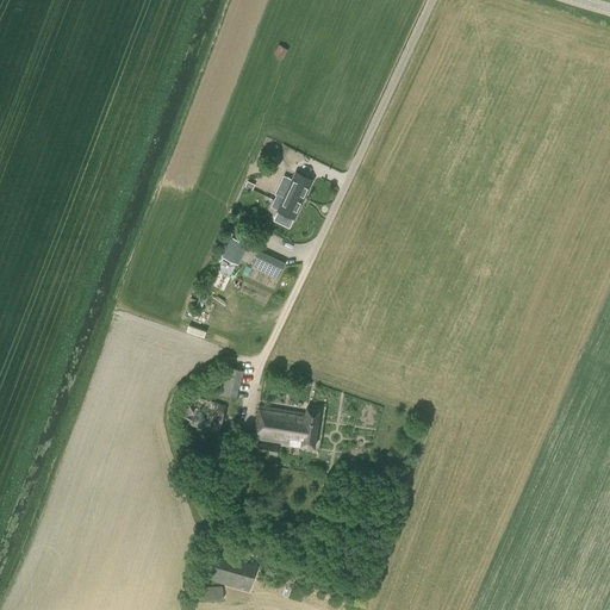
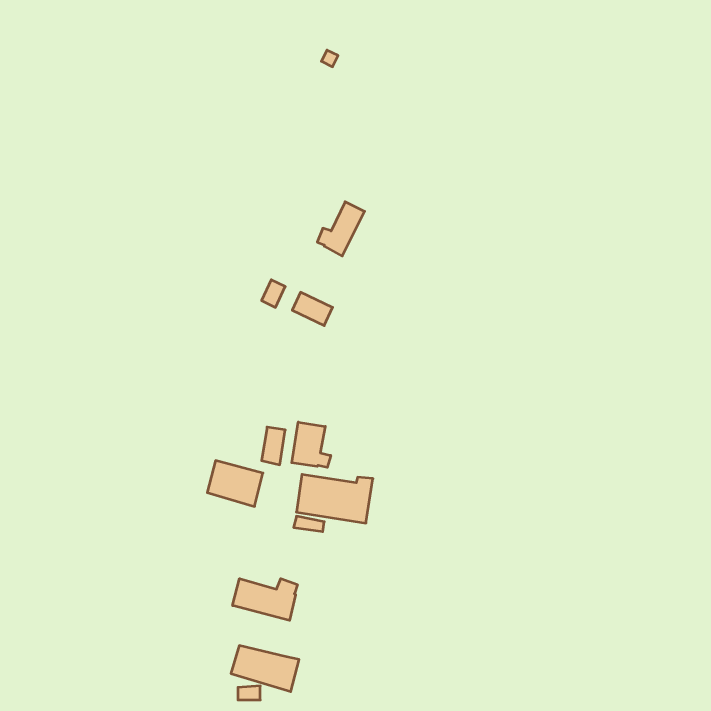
building: none -> [292,422,331,467]
building: none -> [233,579,297,620]

